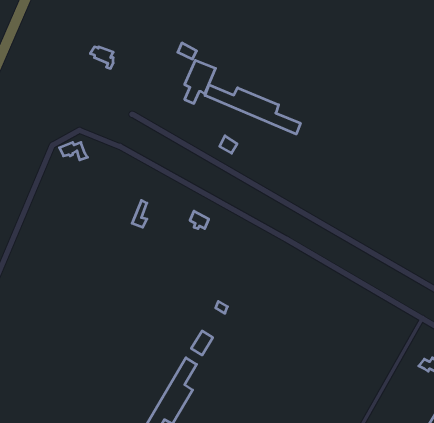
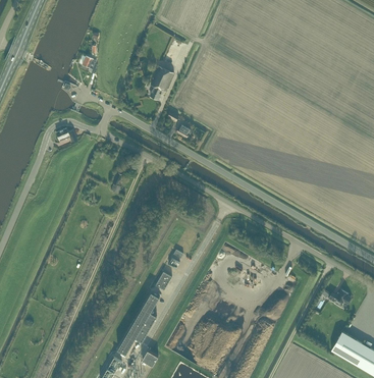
building: [205,85,300,134] -> none

